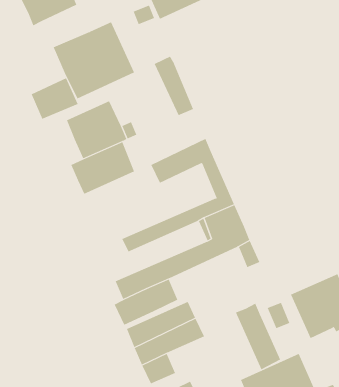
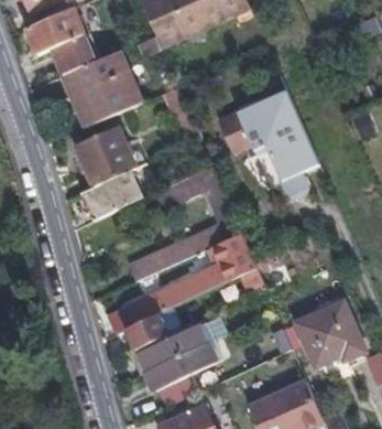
building: none -> [218,87,318,192]
building: [31,77,79,120] -> [48,32,96,74]
building: [235,303,281,370] -> none

